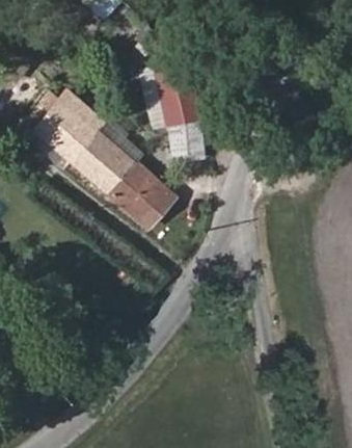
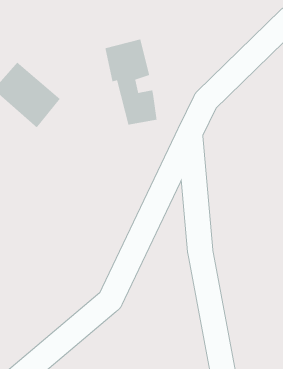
building: [76,133,169,223] -> none

